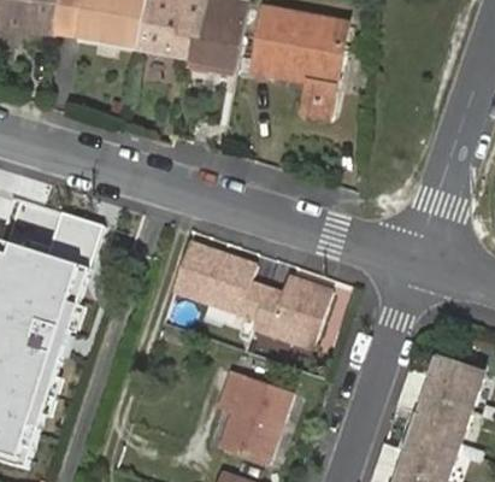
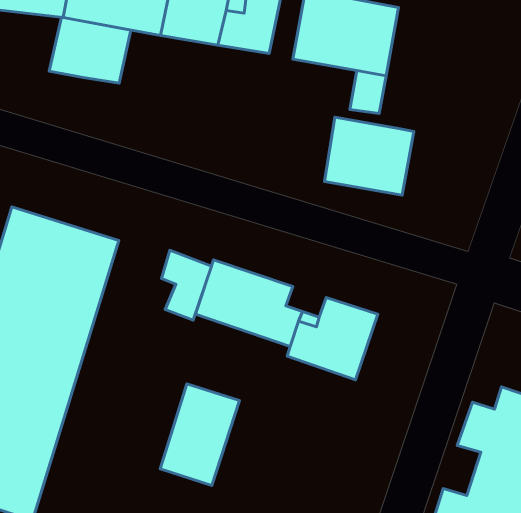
building: none -> [49,17,131,83]
building: none -> [324,117,414,195]
building: none -> [161,250,211,320]
building: [228,368,296,455] -> [160,384,240,486]

